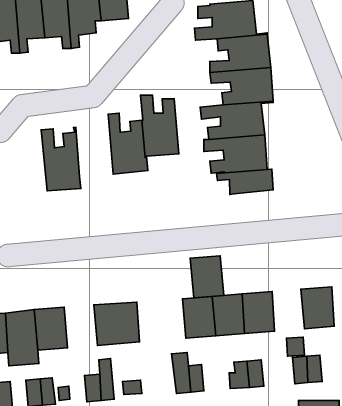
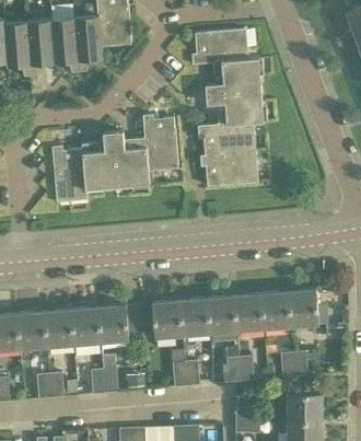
building: none -> [82,131,116,188]
building: [216,169,273,195] -> none
building: [190,256,224,298] -> [152,300,183,338]
building: none -> [261,291,291,329]
building: none -> [71,305,102,345]

